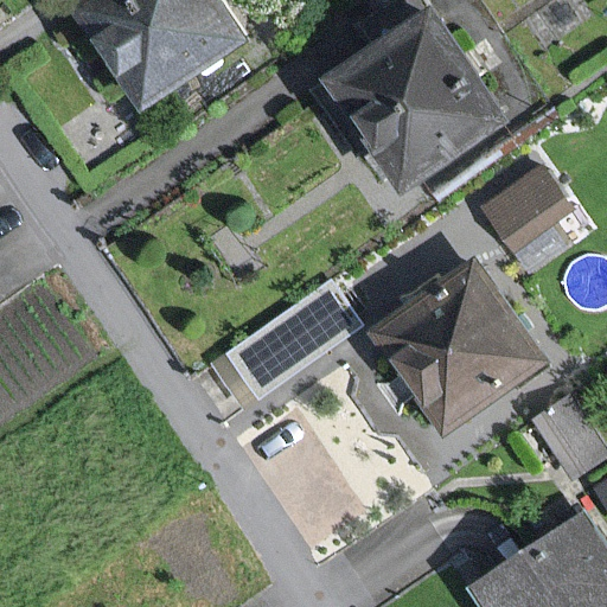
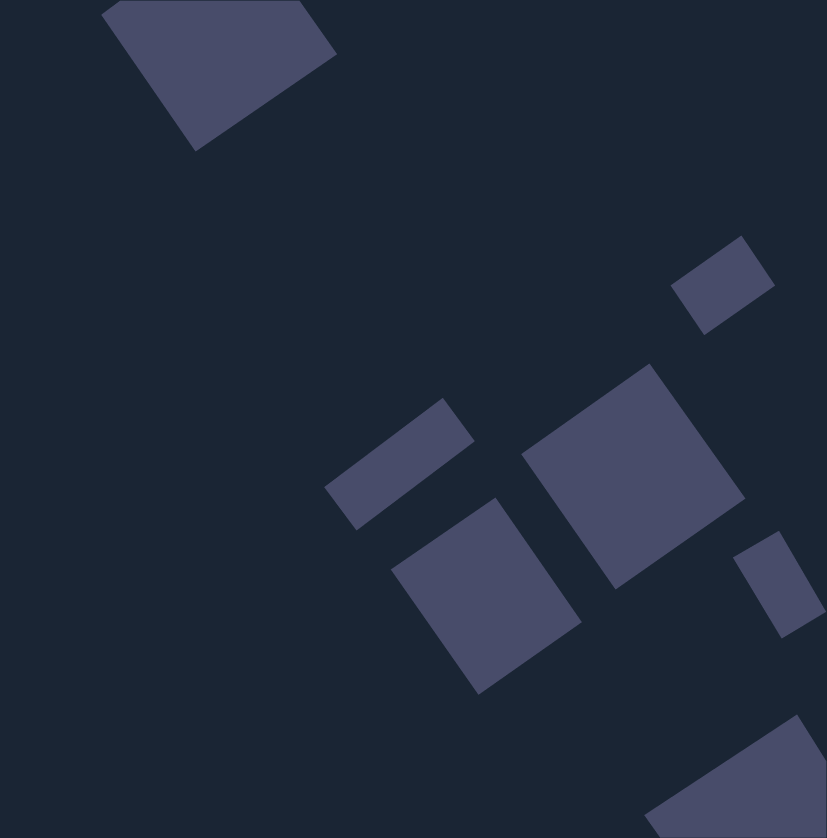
building: [331,13,511,193] -> none
building: none -> [390,496,583,696]

